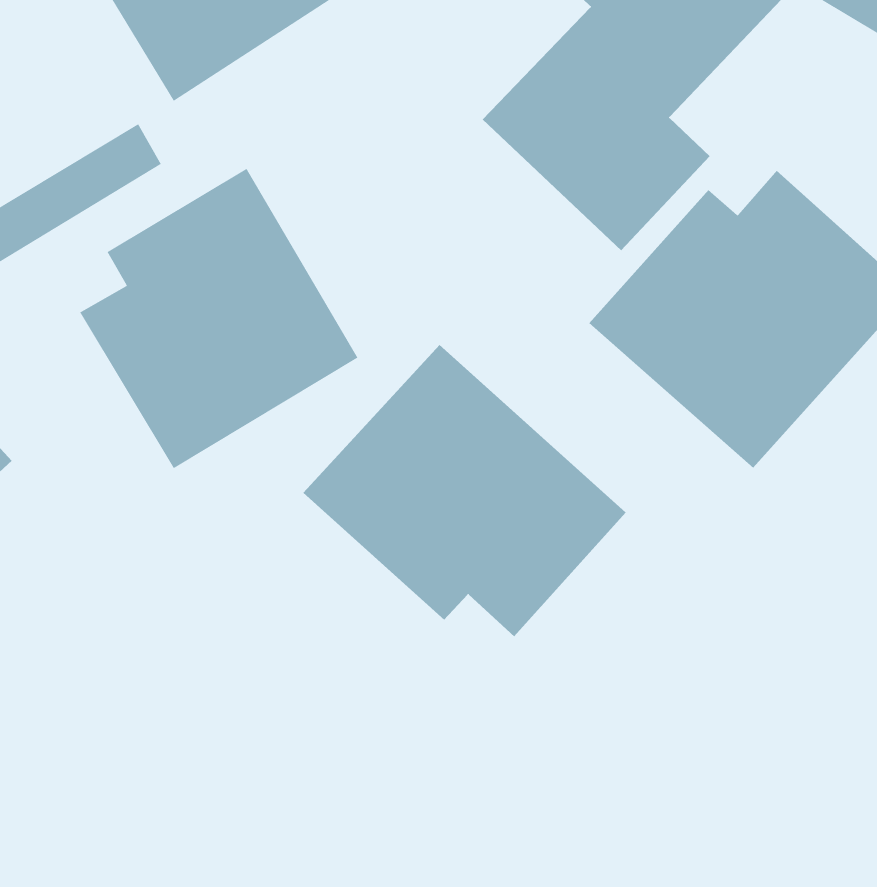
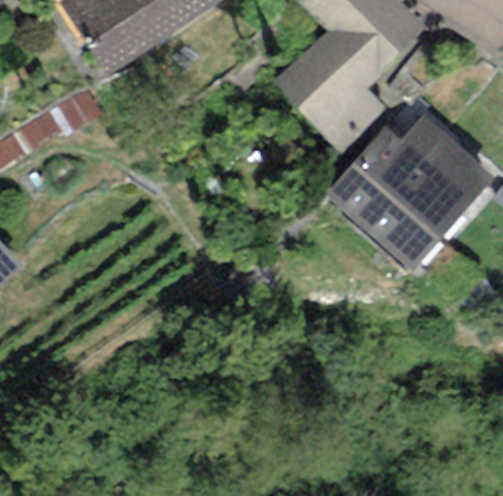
building: [79,168,359,469] -> none
building: [302,344,627,637] -> none

